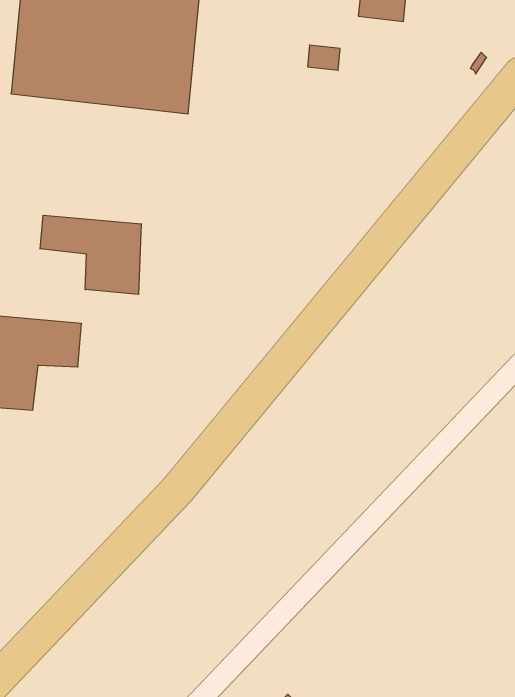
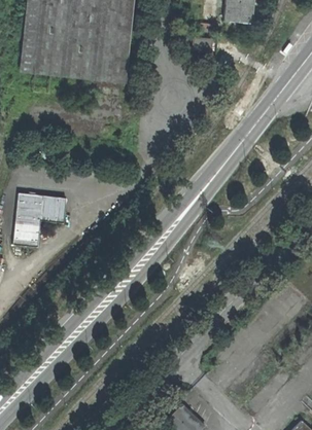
building: [40,215,141,294] -> none

